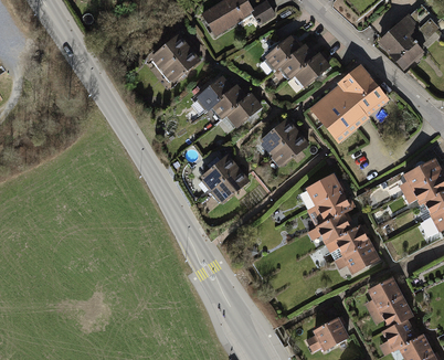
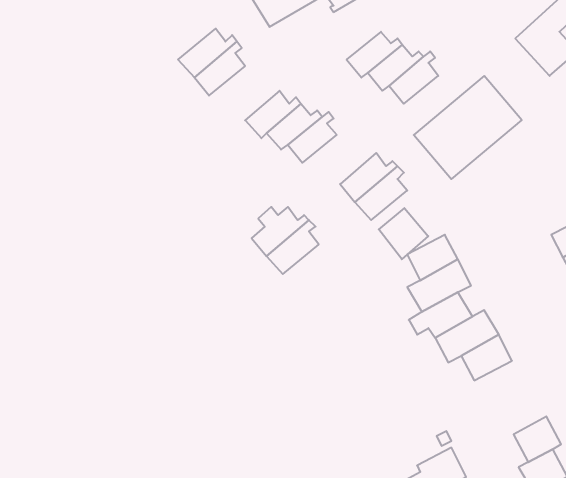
building: none -> [379,208,428,259]
building: [368,278,401,309] -> none

